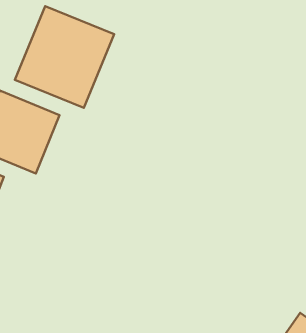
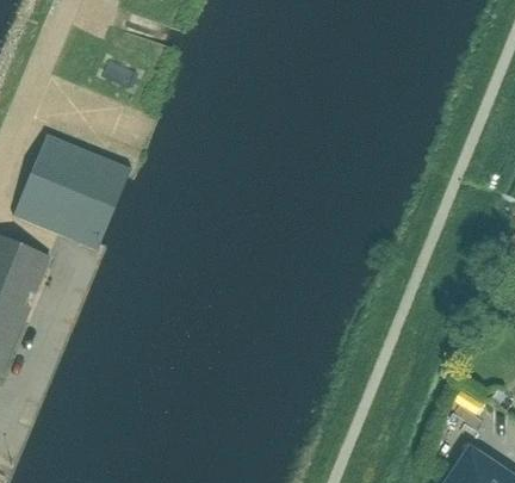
building: [15,6,114,108] -> none

